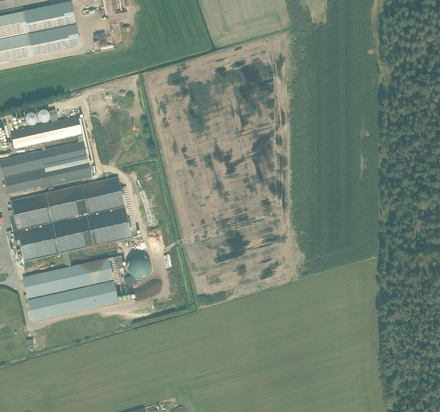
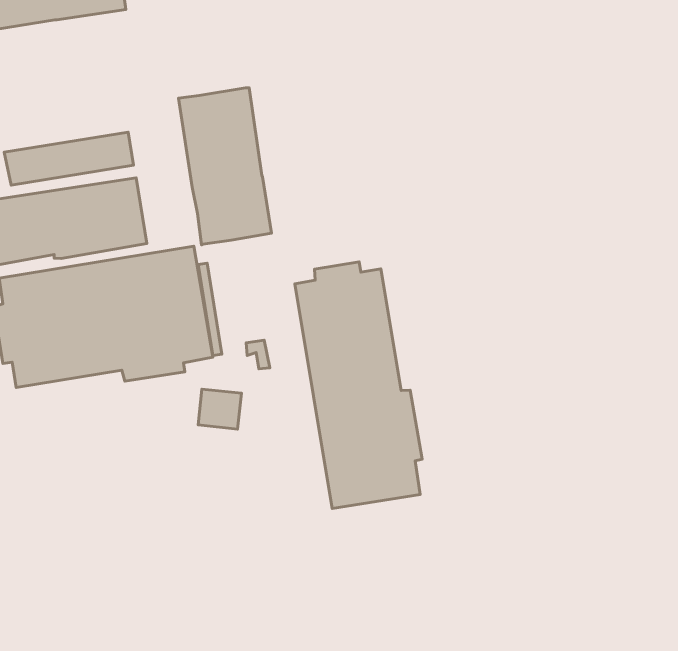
building: none -> [179,88,271,245]
building: none -> [295,262,422,508]
building: [23,257,118,320] -> none

